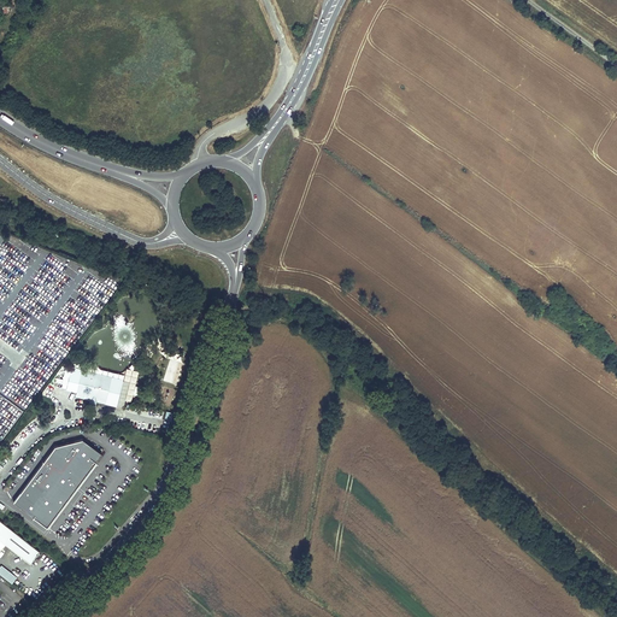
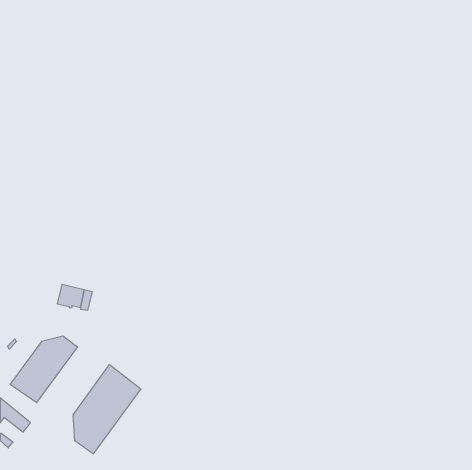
building: none -> [73,365,141,454]

